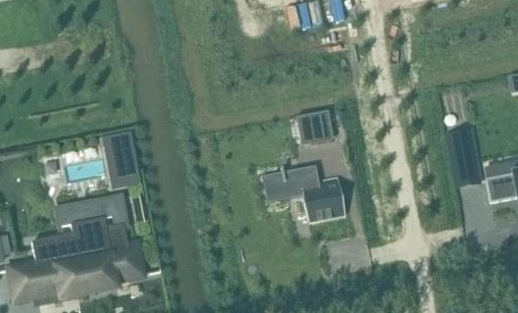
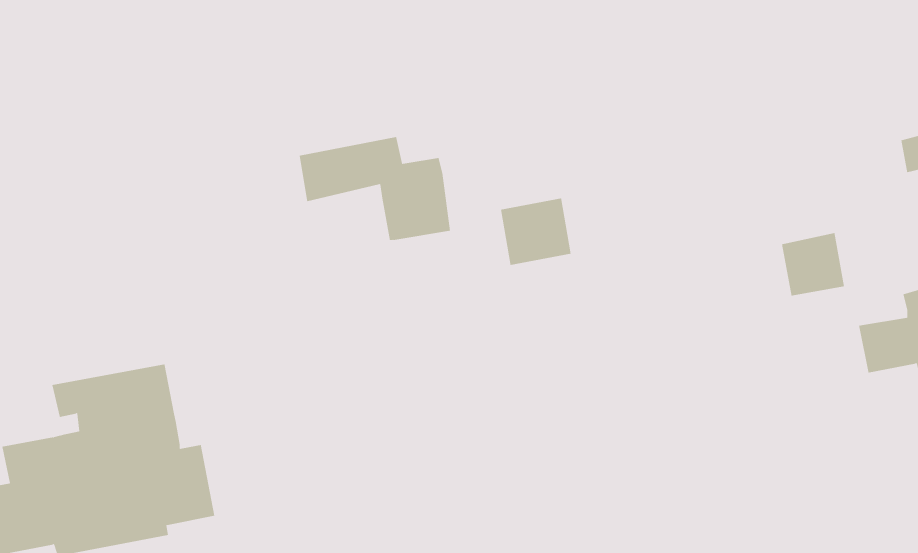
building: [101,129,140,188] -> none
building: [262,165,343,220] -> [299,136,451,240]

